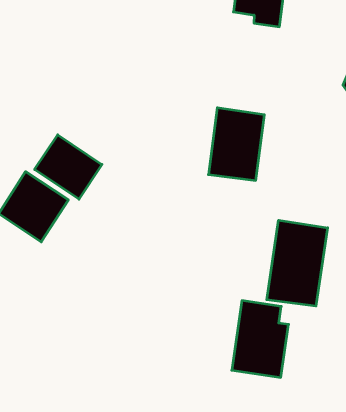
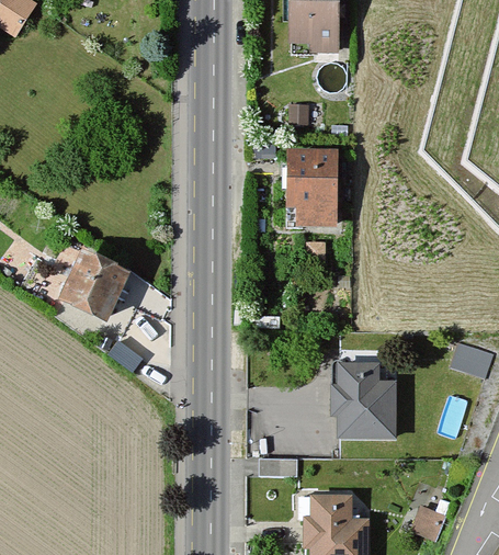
building: [35,135,102,199] -> none
building: [267,220,328,306] -> none

